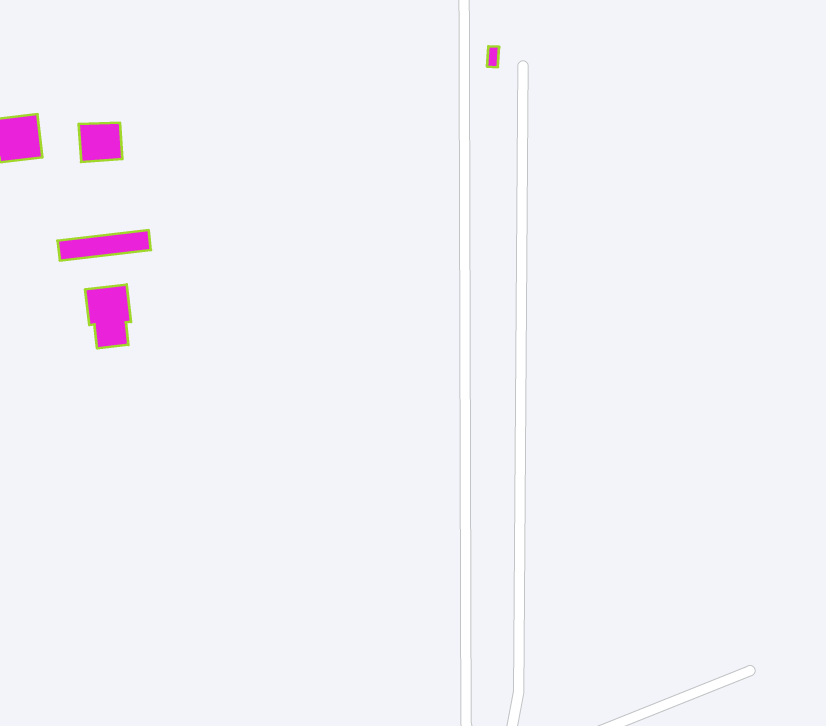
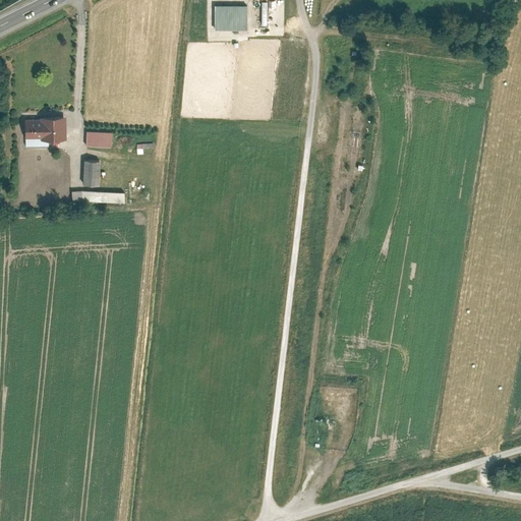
building: none -> [78,159,97,184]
building: [85,284,131,348] -> none

